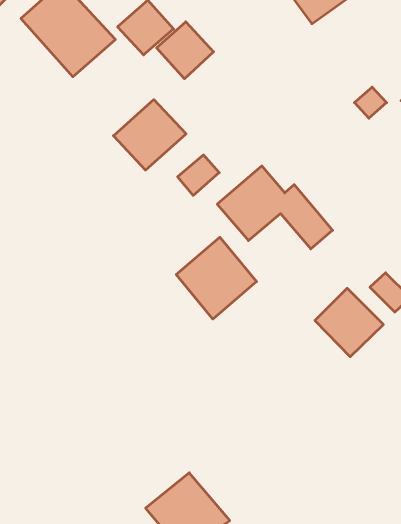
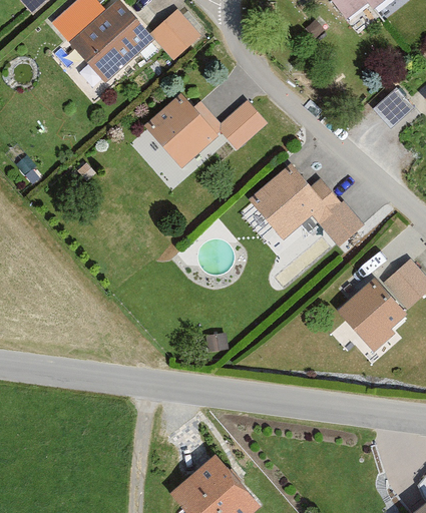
building: [157,22,214,79] -> none
building: [178,155,219,195] -> [216,105,256,144]
building: [176,237,257,319] -> none

